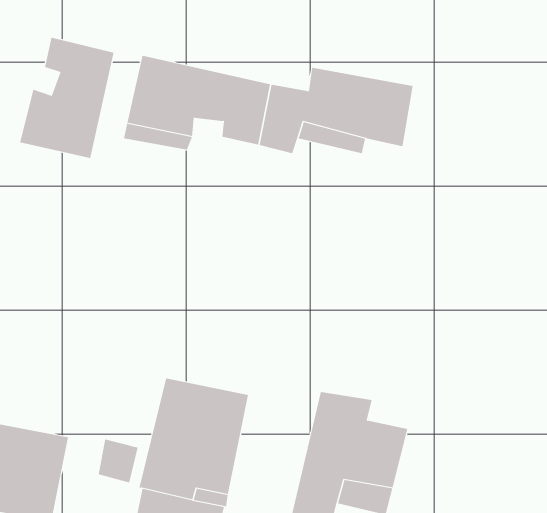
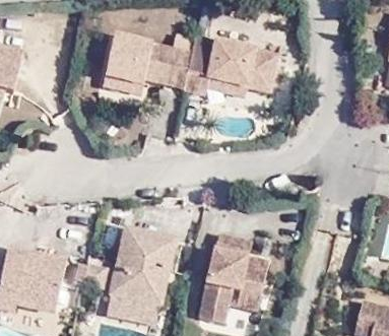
building: [20,37,114,159] -> none

